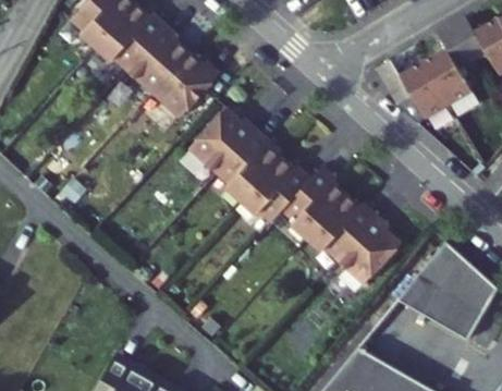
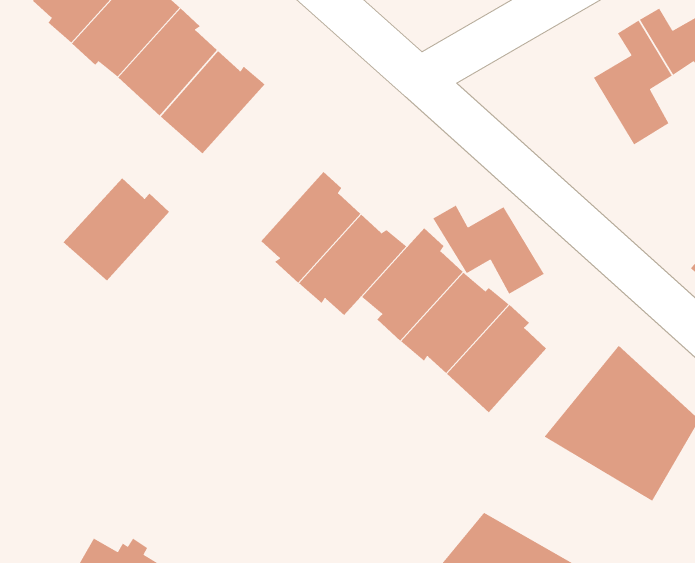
building: [383,68,455,125] -> [432,204,545,295]
building: [188,107,257,173] -> [63,178,170,282]

